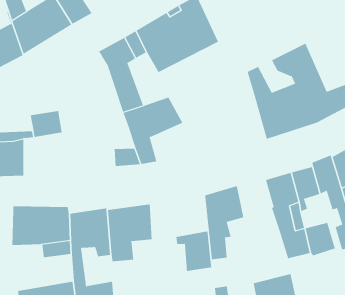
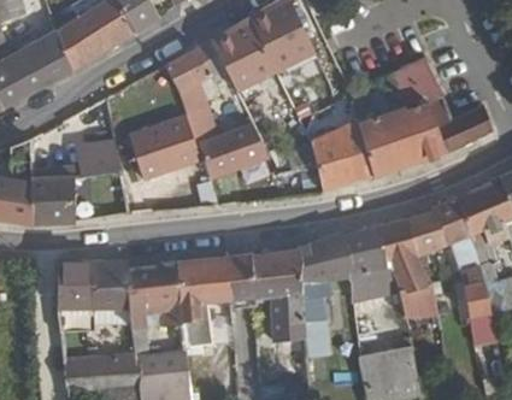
building: none -> [135,114,202,177]
building: none -> [314,125,376,192]
building: none -> [341,228,392,302]
building: none -> [231,249,304,302]

